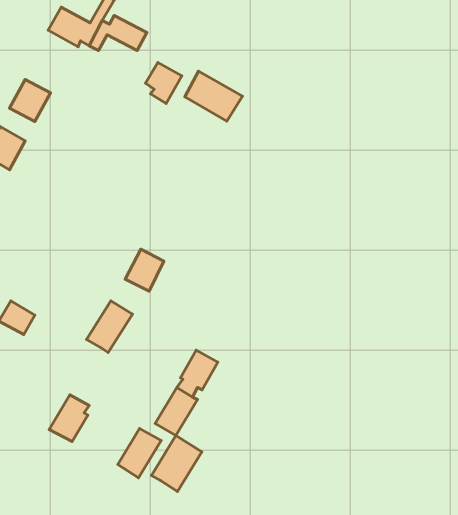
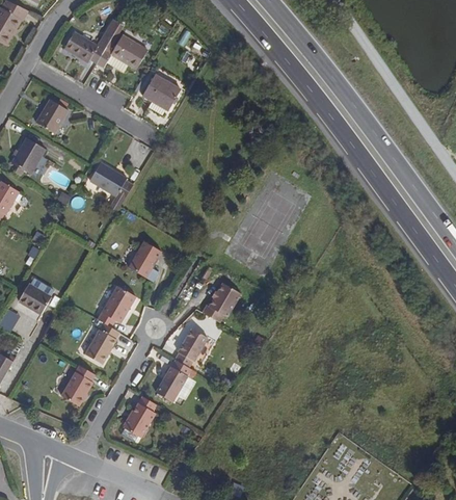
building: [185,71,243,121] -> none
building: none -> [88,157,131,193]
building: none -> [199,281,239,321]
building: none -> [89,325,122,365]
building: [151,436,202,492] -> none

